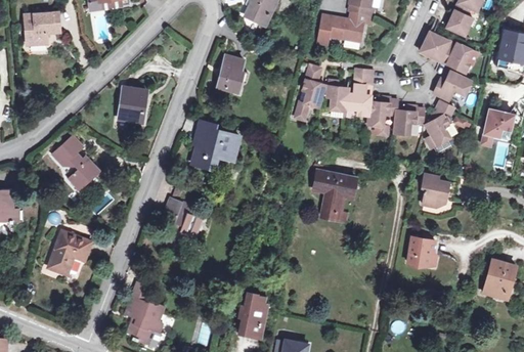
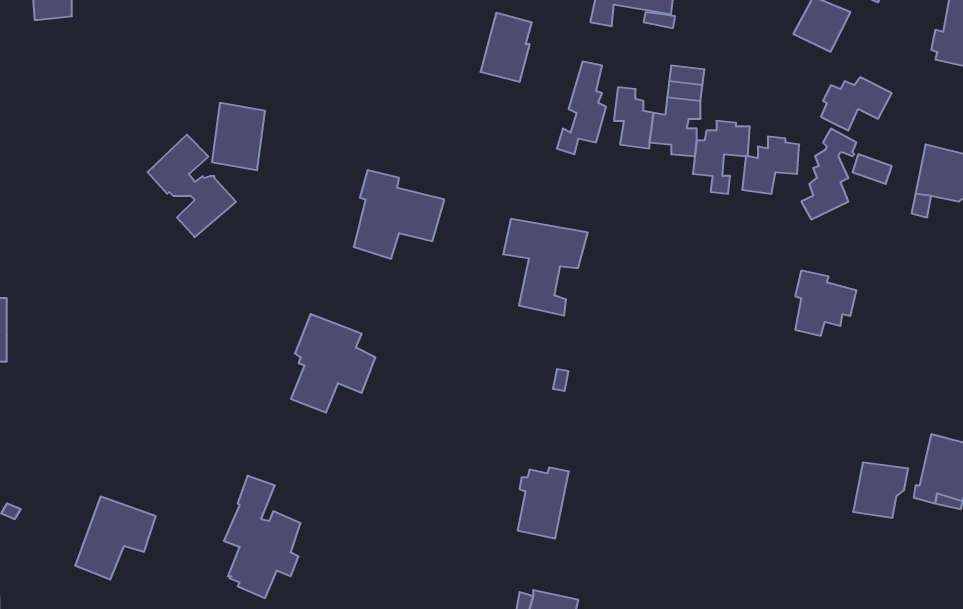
building: [439,40,470,73] -> none
building: [217,55,244,91] -> [480,13,532,82]
building: [51,134,97,187] -> [147,135,236,237]
building: [312,171,356,221] -> [503,219,588,315]
building: [48,231,90,274] -> [75,497,156,579]
building: [406,236,435,265] -> [853,462,908,518]
building: [237,300,264,337] -> [518,468,569,539]

